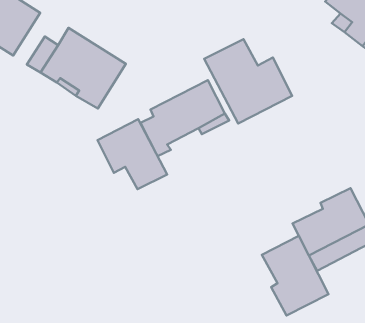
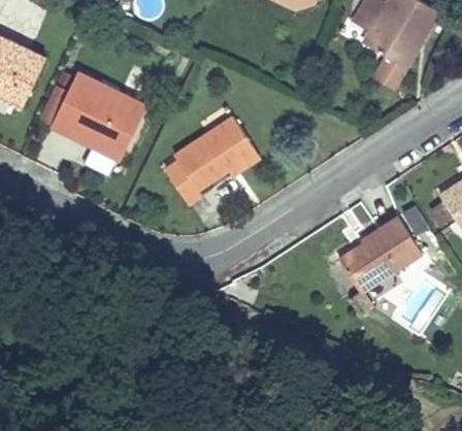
building: [204,39,292,124] -> none
building: [97,119,167,189] -> none
building: [262,236,329,316] -> none

